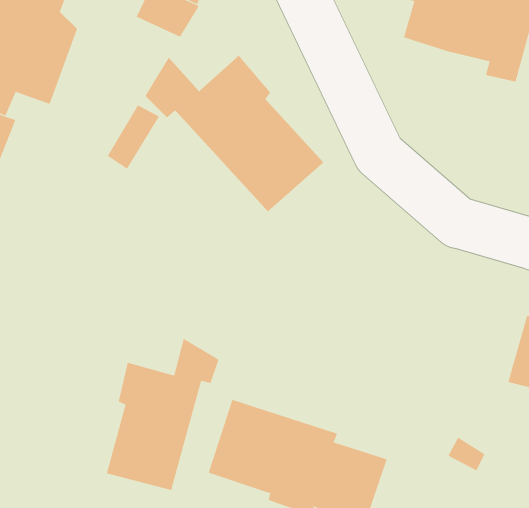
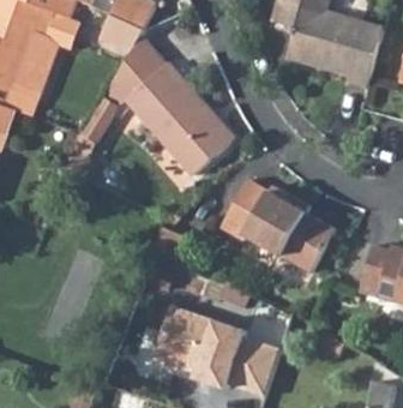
building: none -> [122,37,169,90]
building: none -> [222,180,336,271]
building: [106,338,219,491] -> none

